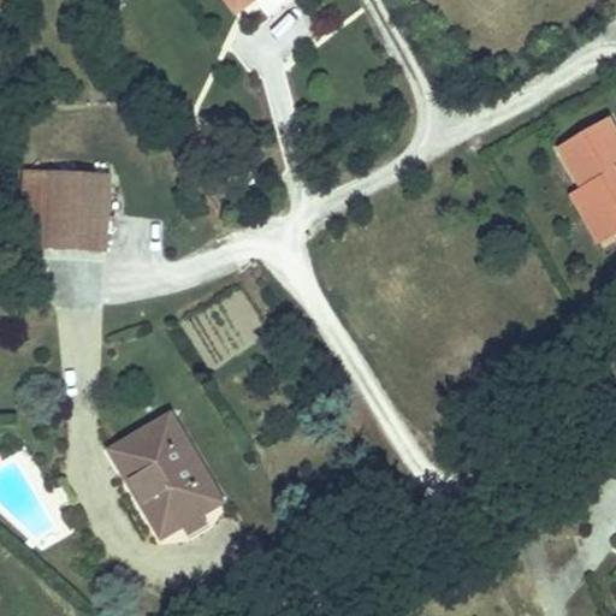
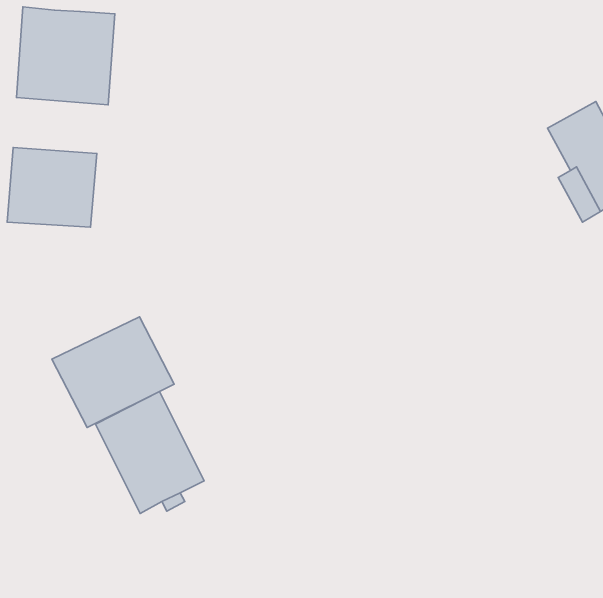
building: none -> [16,7,115,105]
building: none -> [52,317,174,428]

